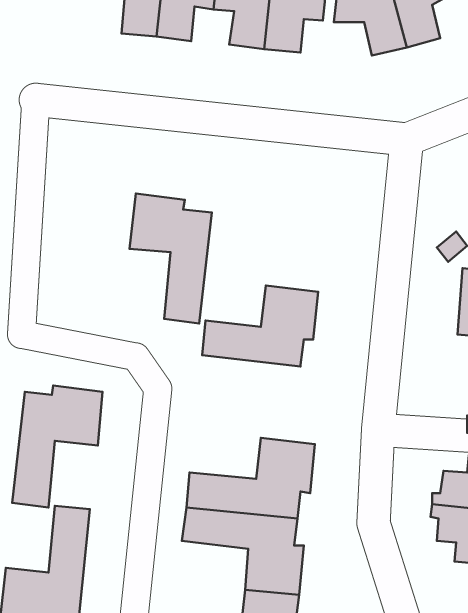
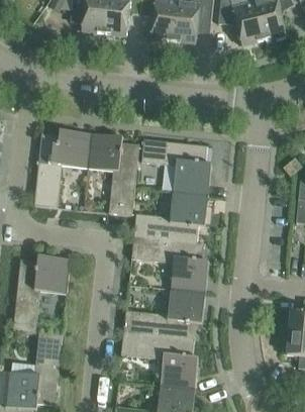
building: none -> [34,129,91,207]
building: none -> [141,138,211,195]
building: none -> [131,235,208,292]

